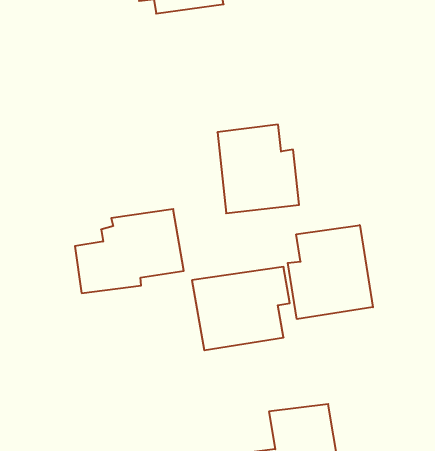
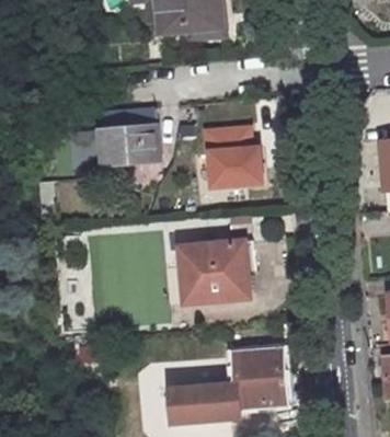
building: [75,209,184,293] -> [71,108,158,172]
building: [288,225,373,319] -> none

